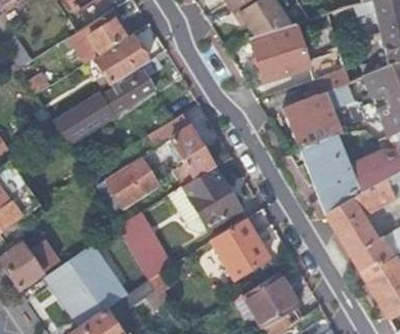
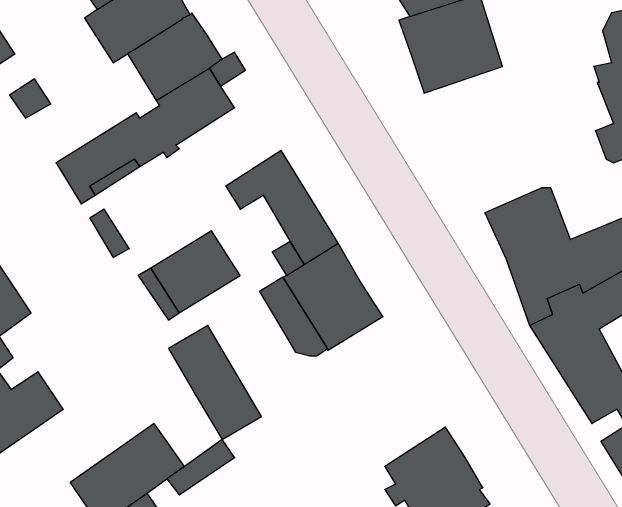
building: [283,48,365,150] -> none
building: [212,220,269,279] -> none
building: [44,245,110,304] -> none

